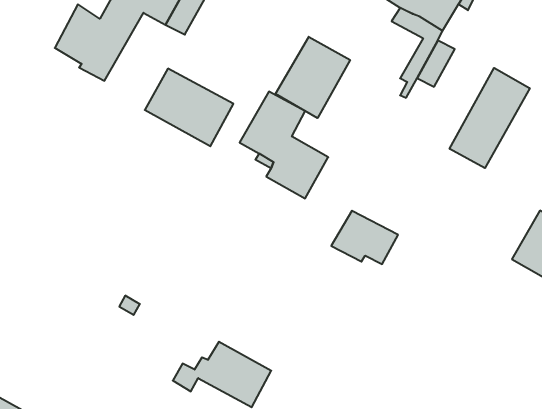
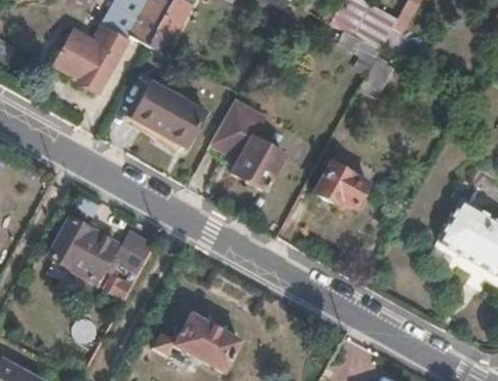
building: [275,37,350,118] -> none
building: [450,68,530,168] -> none
building: [331,211,398,264] -> [315,165,372,211]
building: none -> [51,221,154,282]

